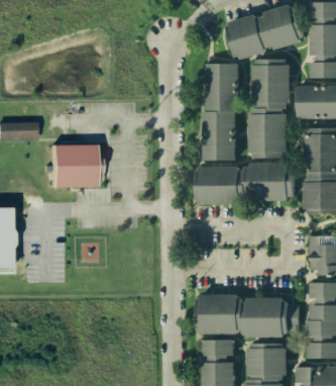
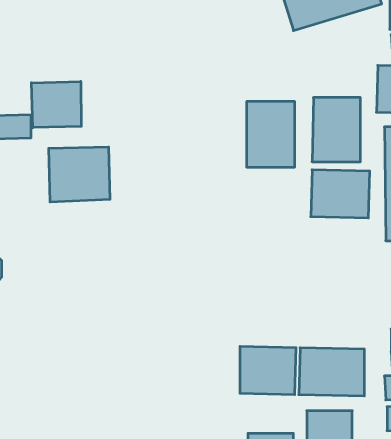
building: [250,57,287,106] -> none
building: [201,60,237,108] -> none
building: none -> [31,81,81,128]
building: [195,165,239,201] -> none
building: [201,340,235,359] -> none

